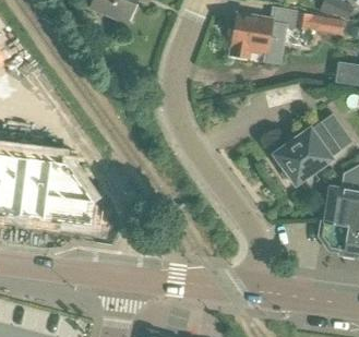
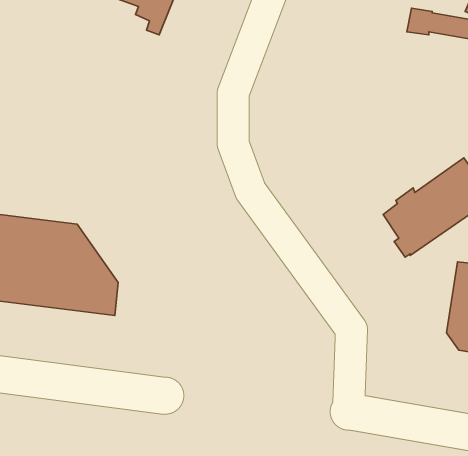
building: [230,13,282,58] -> none

